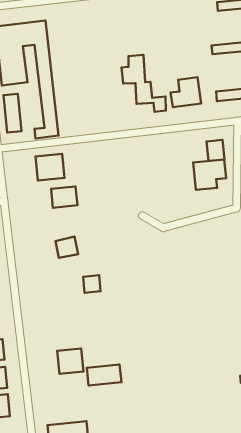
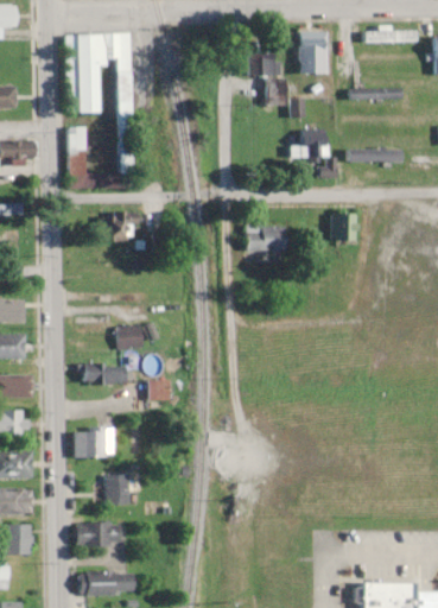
building: none -> [301,33,326,75]
building: [121,55,166,112] -> [249,40,304,118]
building: [193,159,226,190] -> [245,227,286,264]
building: [51,186,77,208] -> none
building: none -> [82,362,128,384]
building: none -> [75,428,114,457]
building: [87,365,121,386] -> [78,521,122,545]

